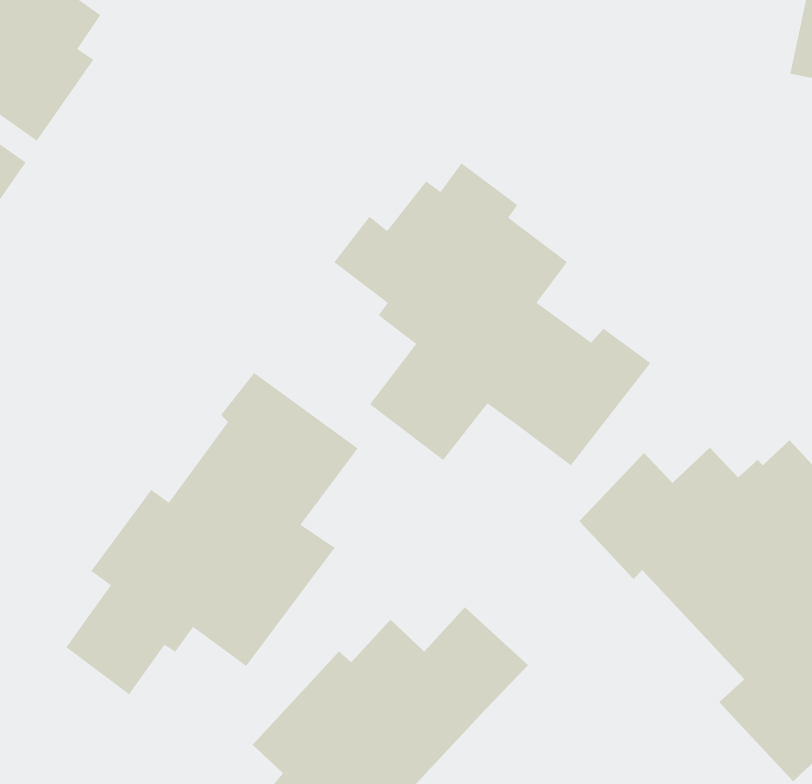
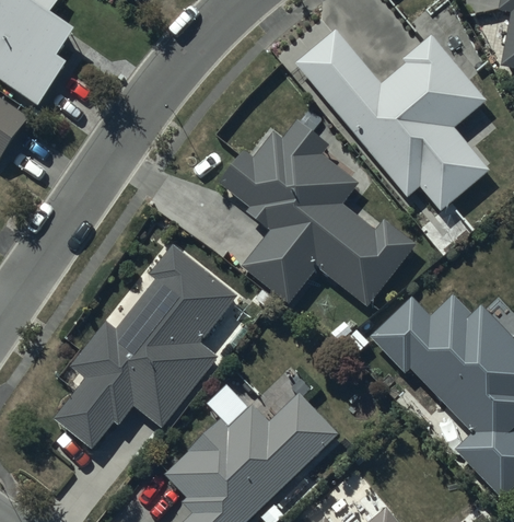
building: none -> [294,27,488,209]

